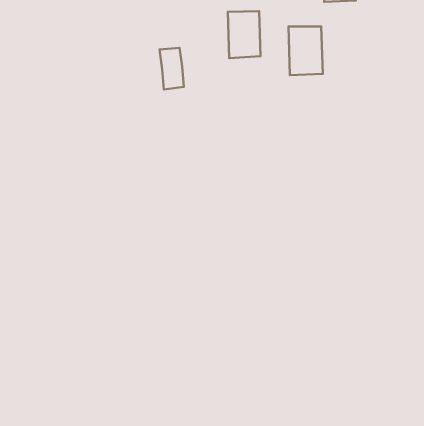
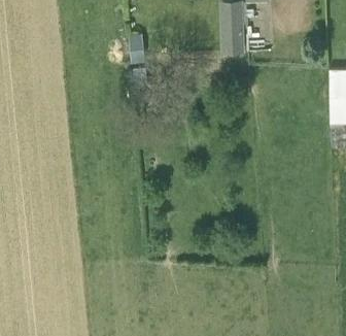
building: [228,11,261,58] -> none

